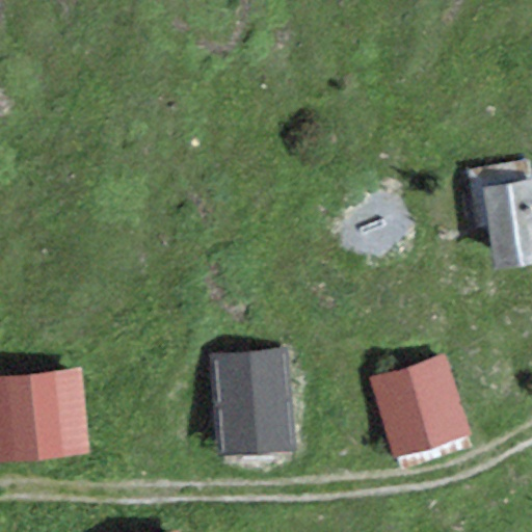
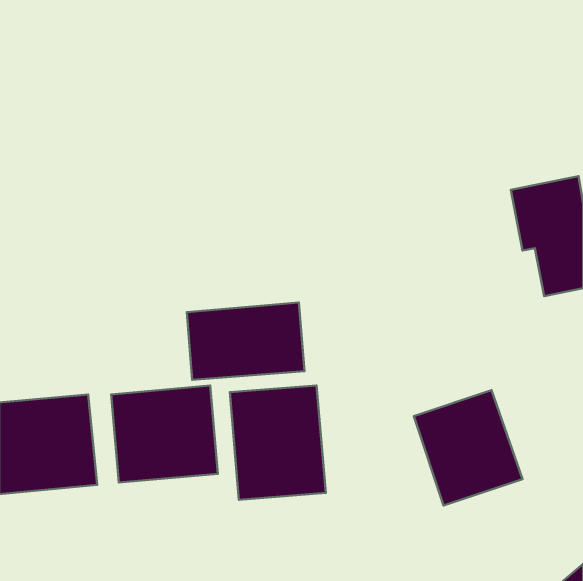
building: none -> [187,303,305,380]
building: none -> [111,386,218,483]

